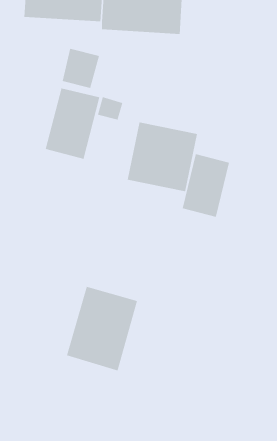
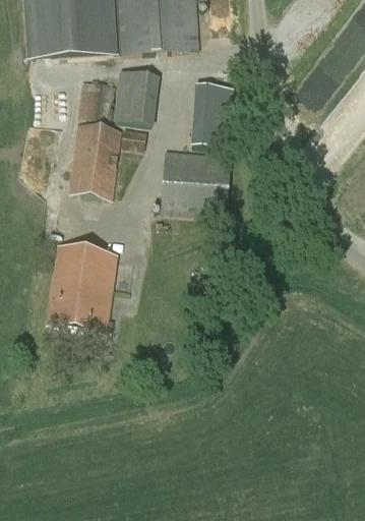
building: none -> [113,70,159,125]
building: [182,154,230,218] -> [195,80,241,147]
building: [66,286,138,371] -> [47,245,117,333]

